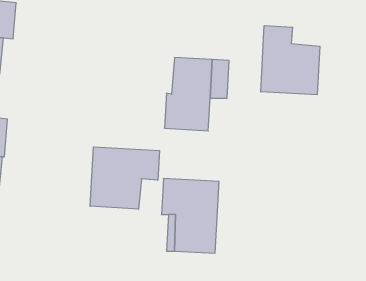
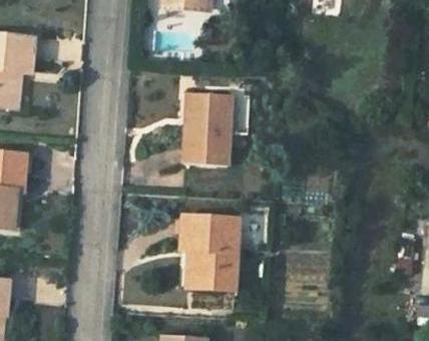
building: [261,26,320,95] -> none
building: [90,147,159,209] -> none

